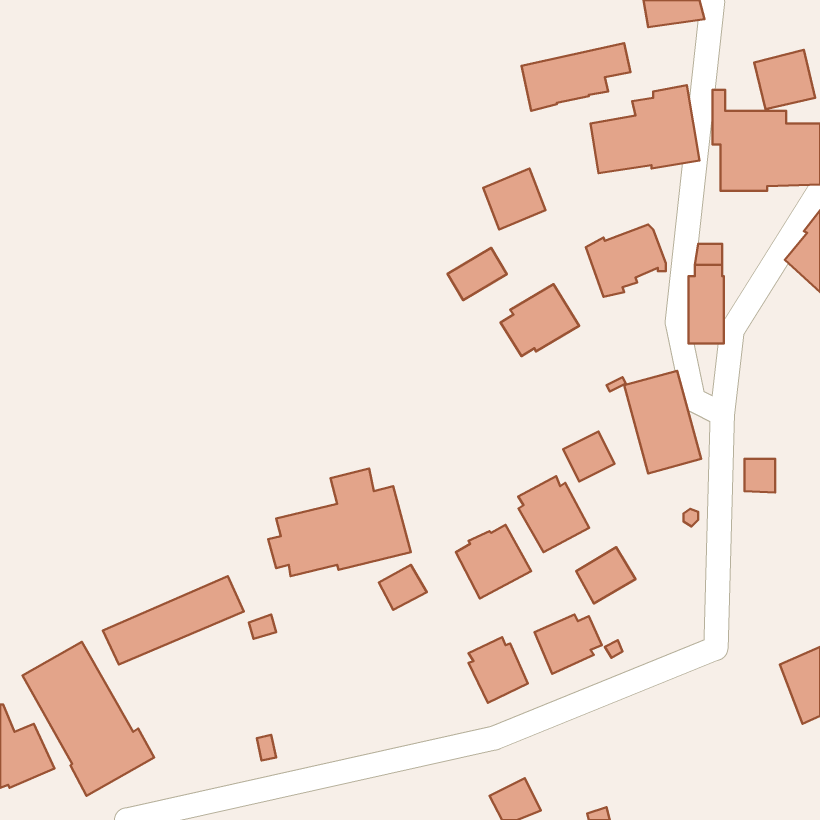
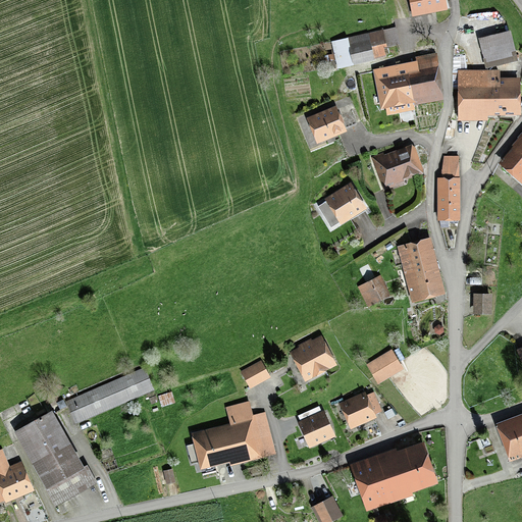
building: [448,248,507,300] -> none
building: [268,469,411,576] -> [186,400,276,468]
building: [518,476,589,552] -> none
building: none -> [350,439,438,510]

